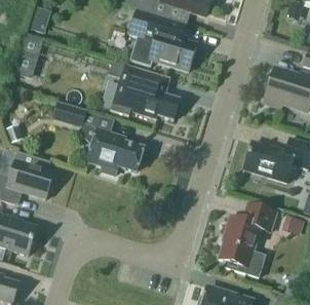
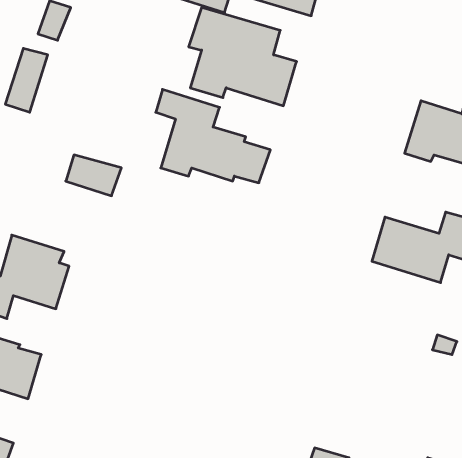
building: [87,129,143,175] -> none
building: [219,203,275,277] -> none

